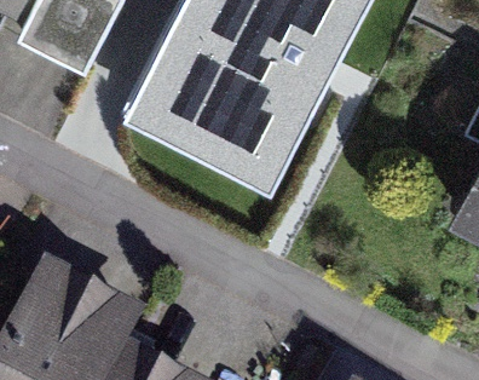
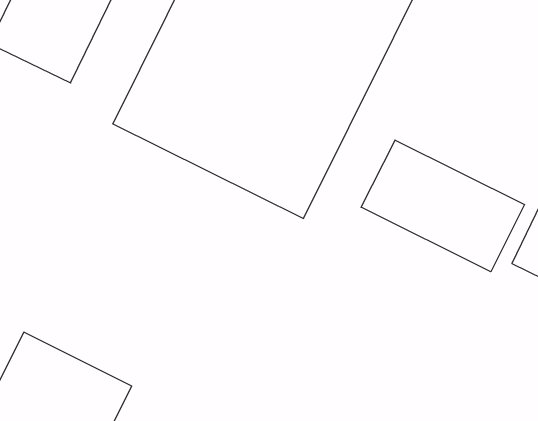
building: none -> [361,140,525,272]

